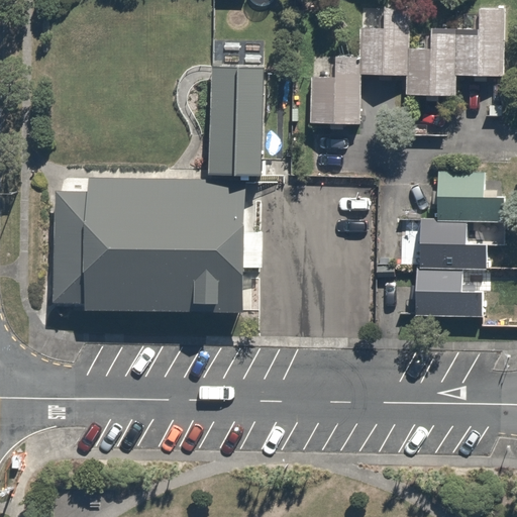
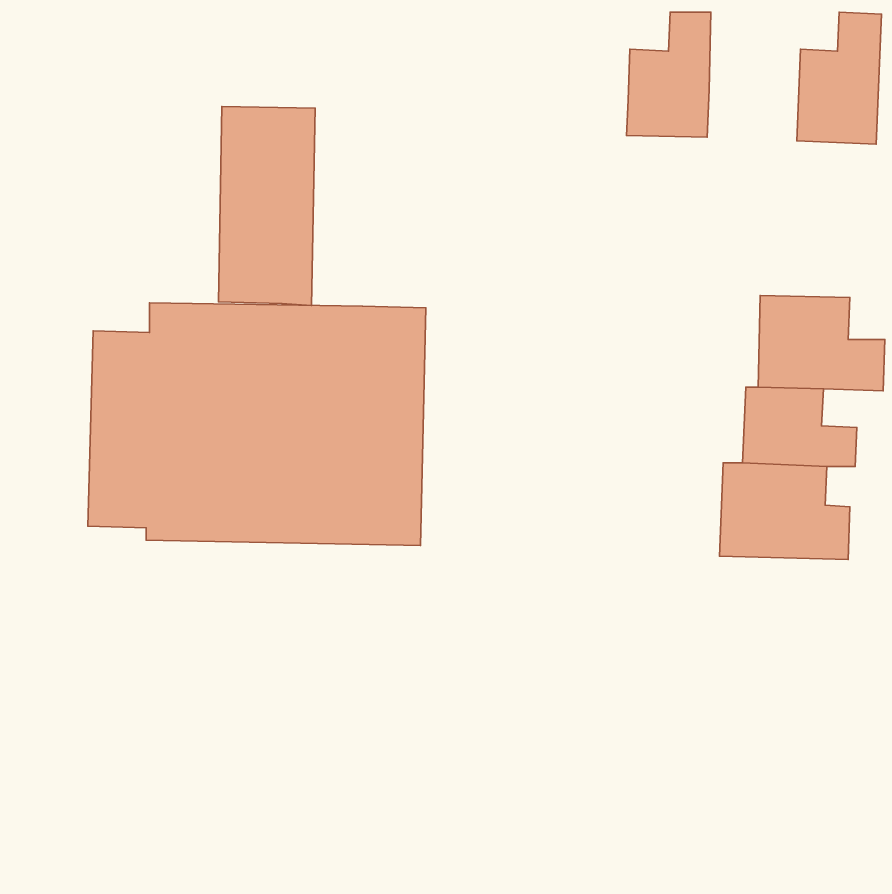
building: [406,27,459,100] -> none
building: [307,58,360,128] -> none
building: [208,64,264,178] -> [218,107,315,305]

